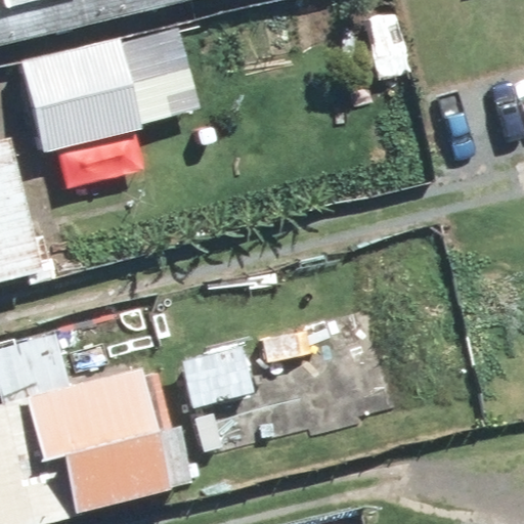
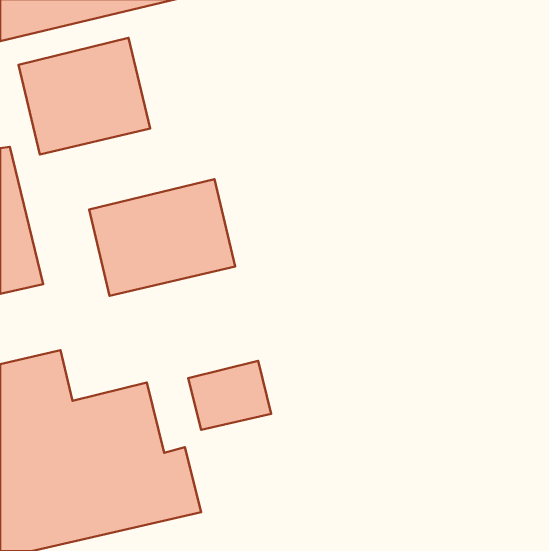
building: none -> [89,179,235,296]

